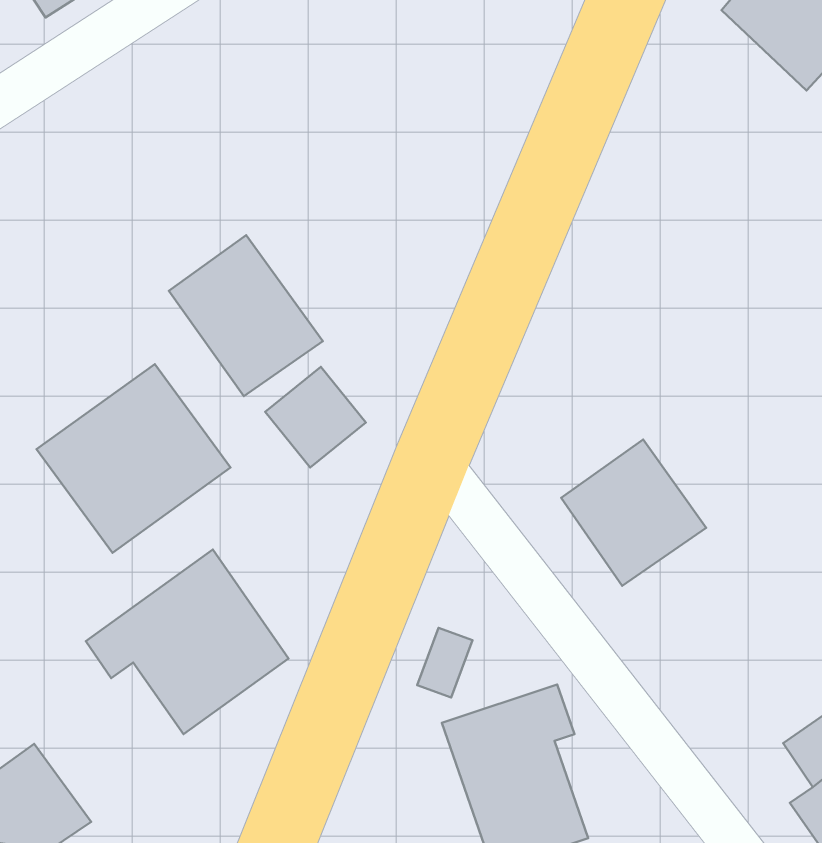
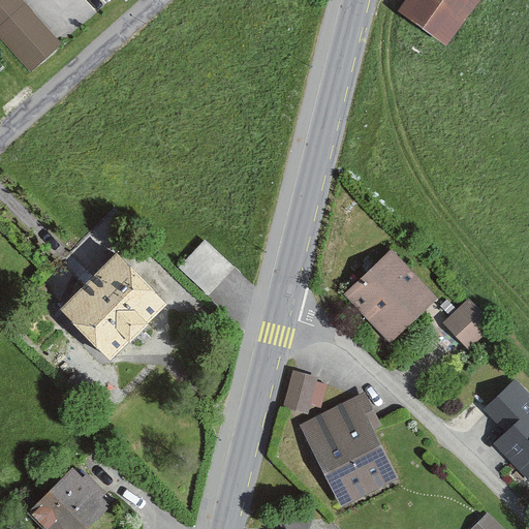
building: [169,235,323,396] -> none
building: none -> [444,302,487,344]
building: [86,550,289,734] -> none

